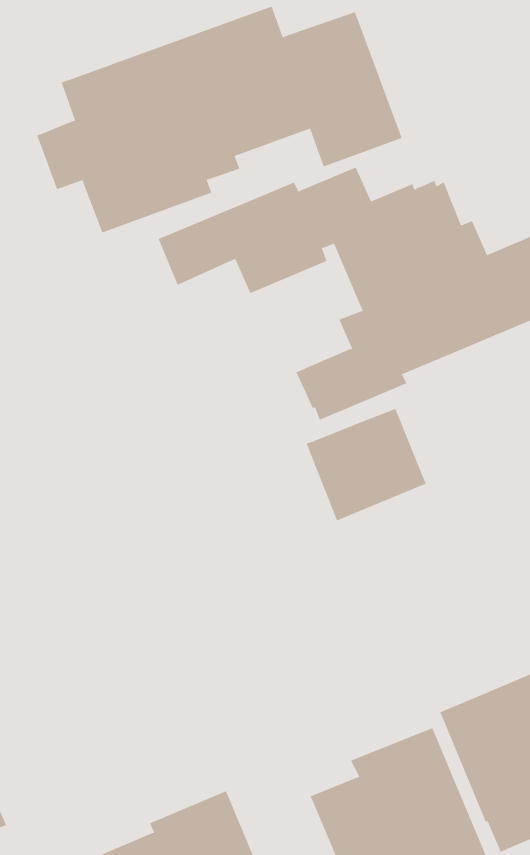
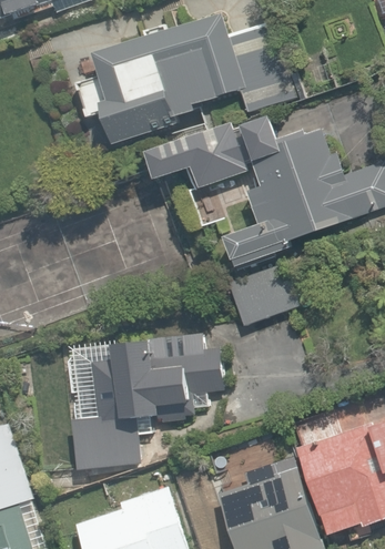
building: none -> [71,333,220,469]

